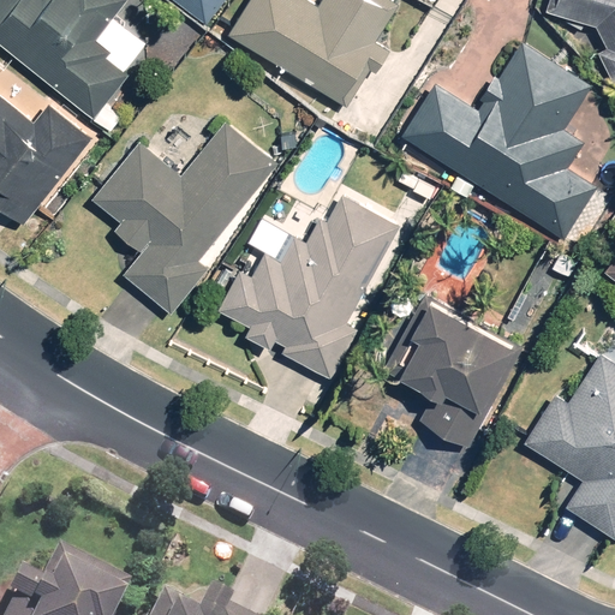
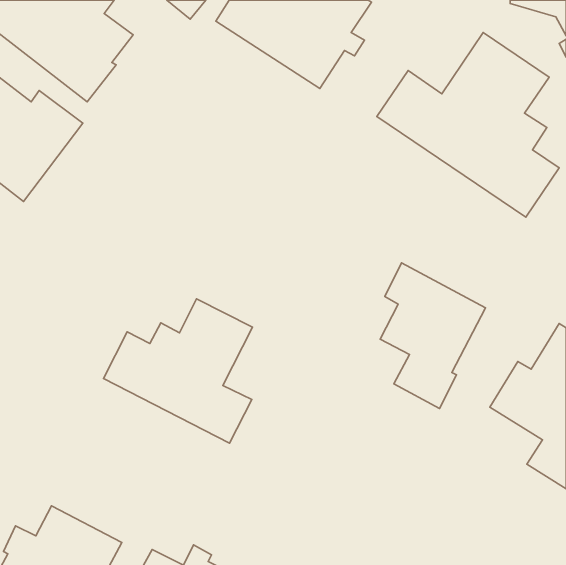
building: [91,124,274,314] -> none
building: [219,196,396,384] -> none
building: none -> [104,299,253,443]

